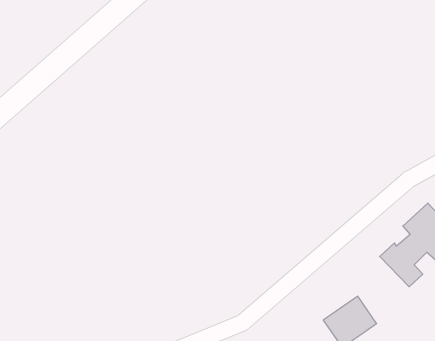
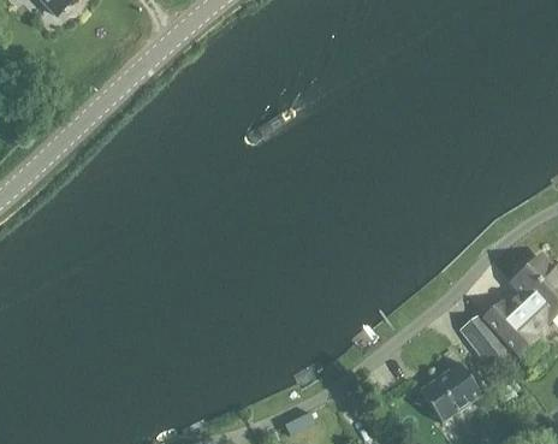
building: none -> [461,313,514,371]

